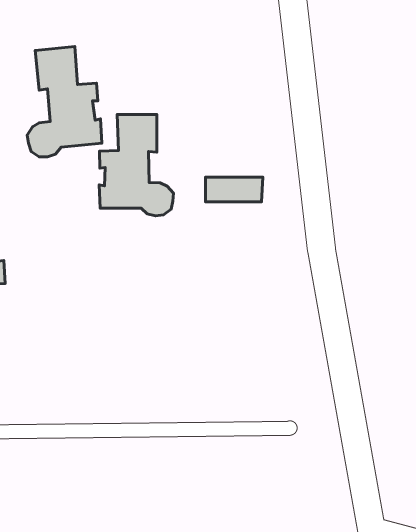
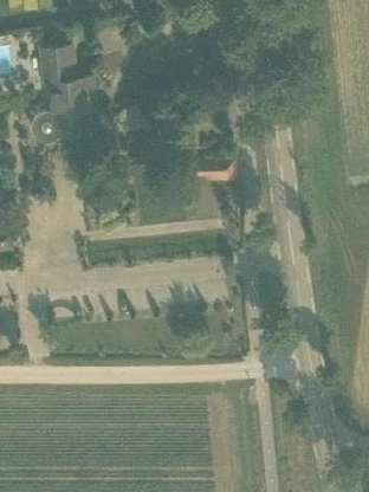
building: [99,114,173,216] -> none

